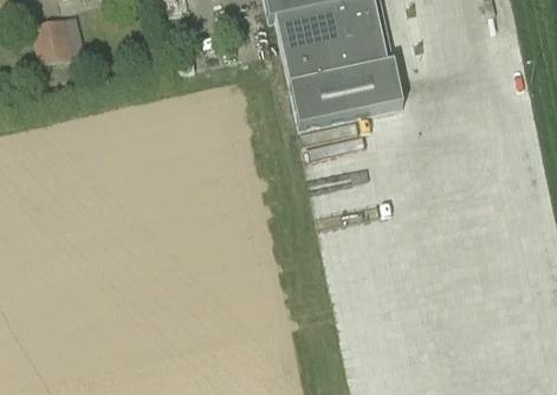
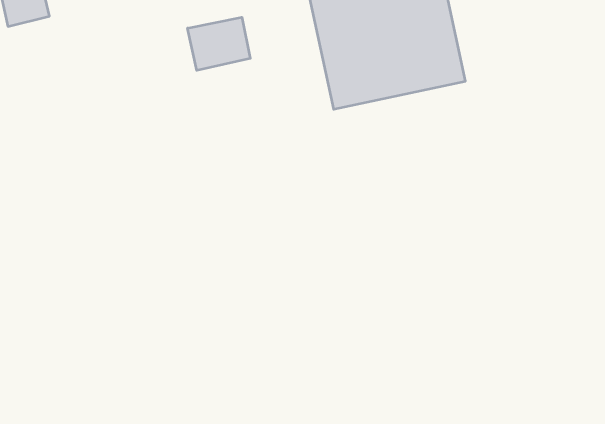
building: none -> [188,17,250,70]

